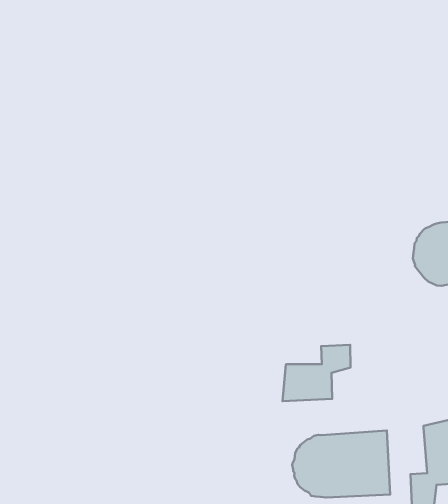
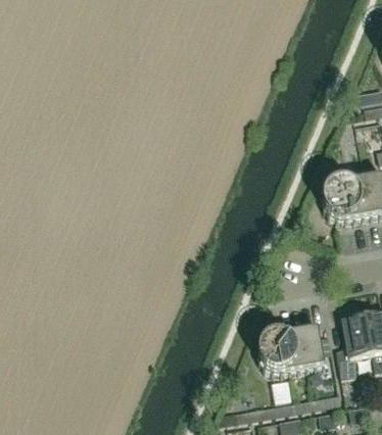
building: [283,345,350,401] -> none

